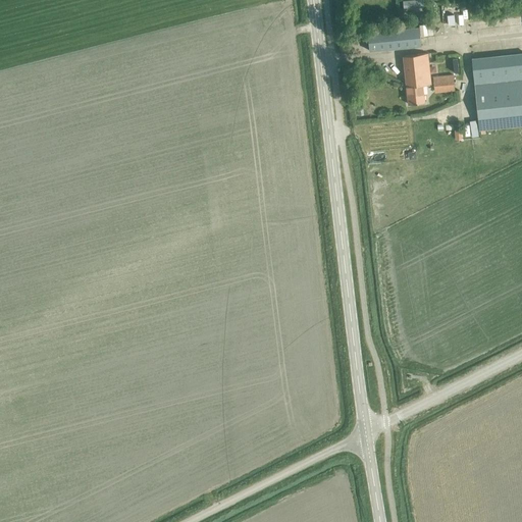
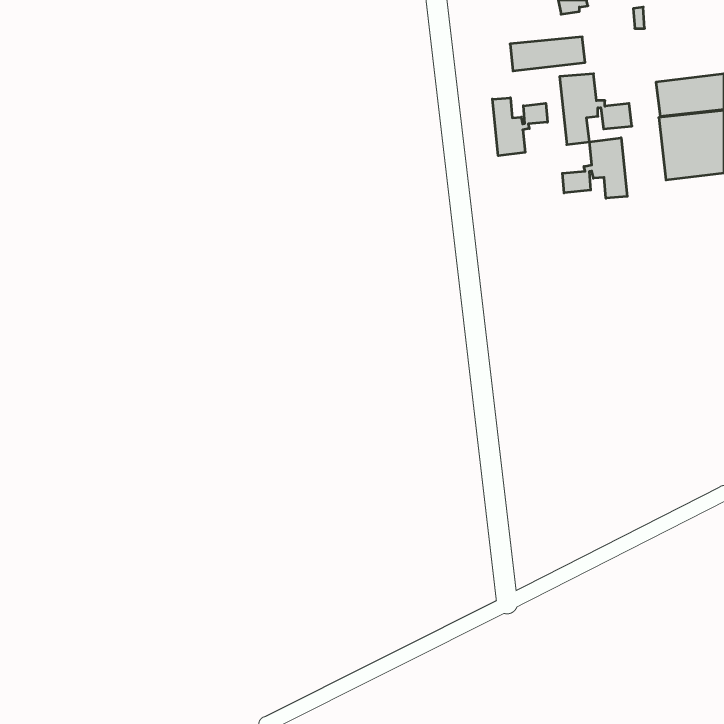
building: none -> [492,98,547,156]
building: none -> [562,138,627,198]

